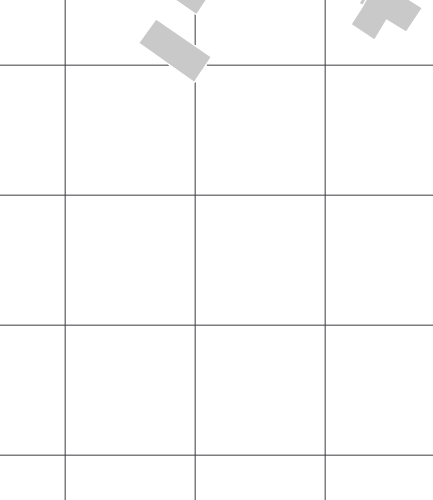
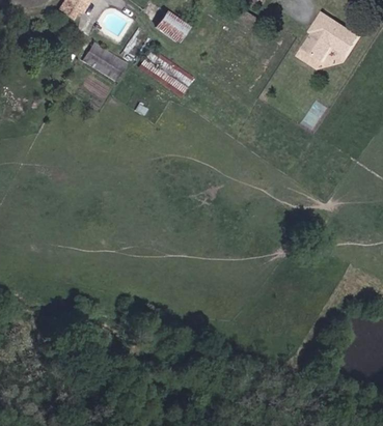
building: none -> [79,41,125,81]

